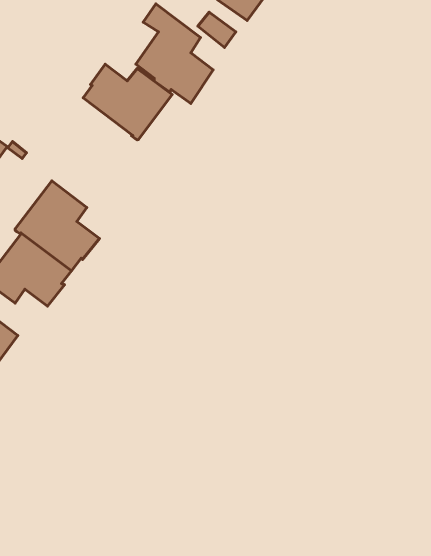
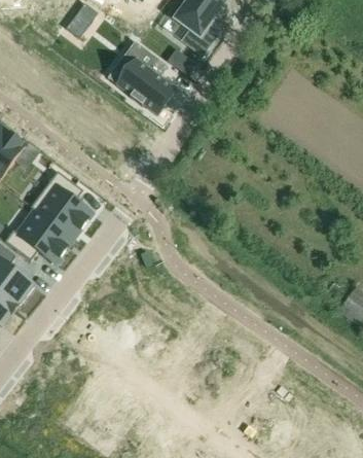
building: [83,64,172,140] -> none

